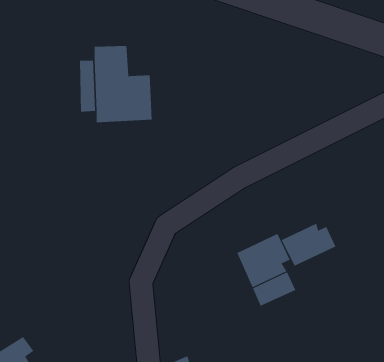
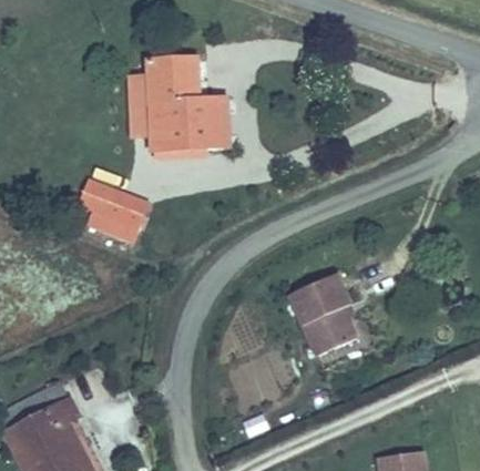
building: none -> [80,178,142,225]
building: [281,223,336,266] -> none

